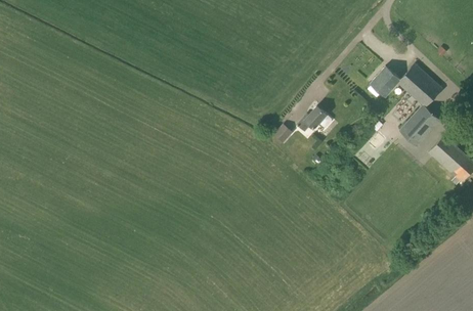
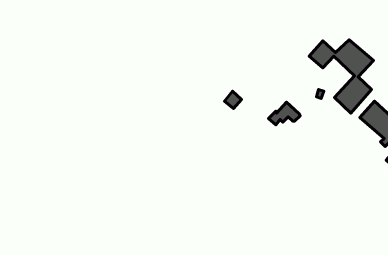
building: [296,105,332,131] -> [268,102,300,125]

